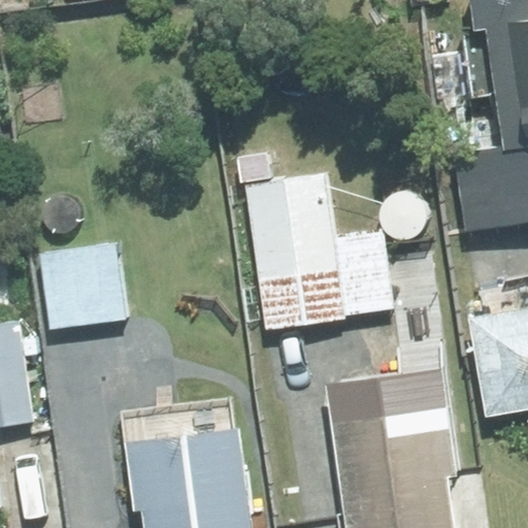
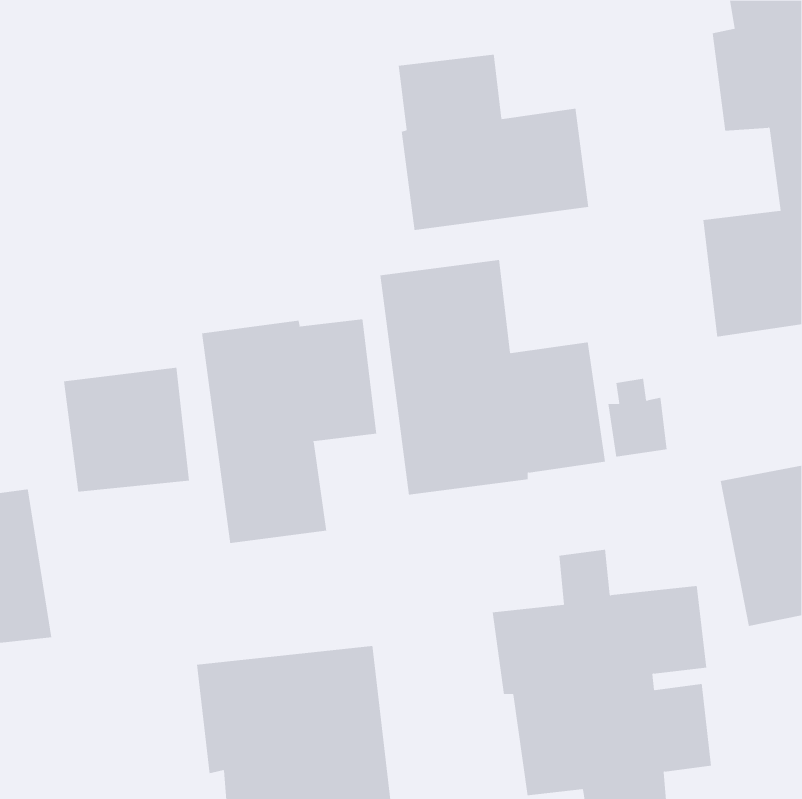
building: none -> [398,54,589,231]
building: none -> [202,318,377,544]

